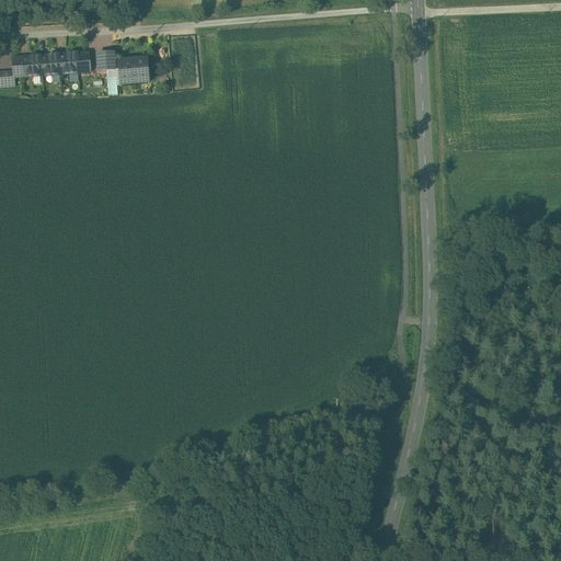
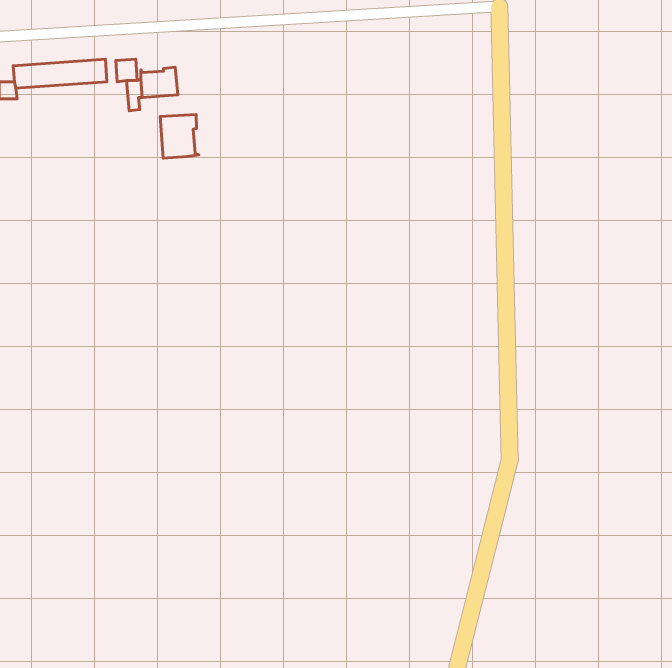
building: none -> [160,115,199,158]

